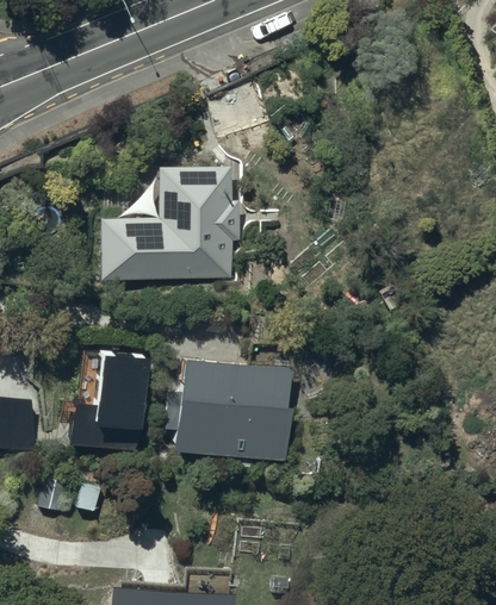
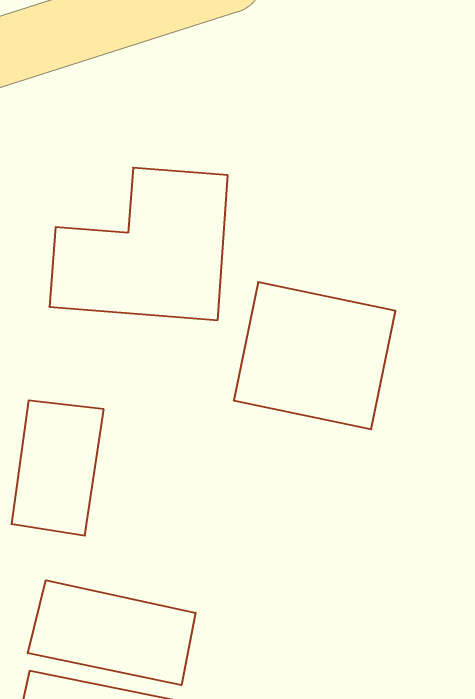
building: [169,350,293,461] -> [234,282,395,429]
building: none -> [28,580,196,685]

